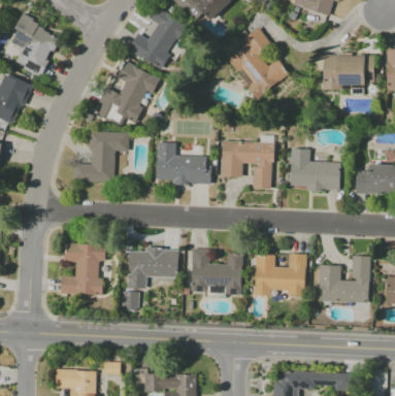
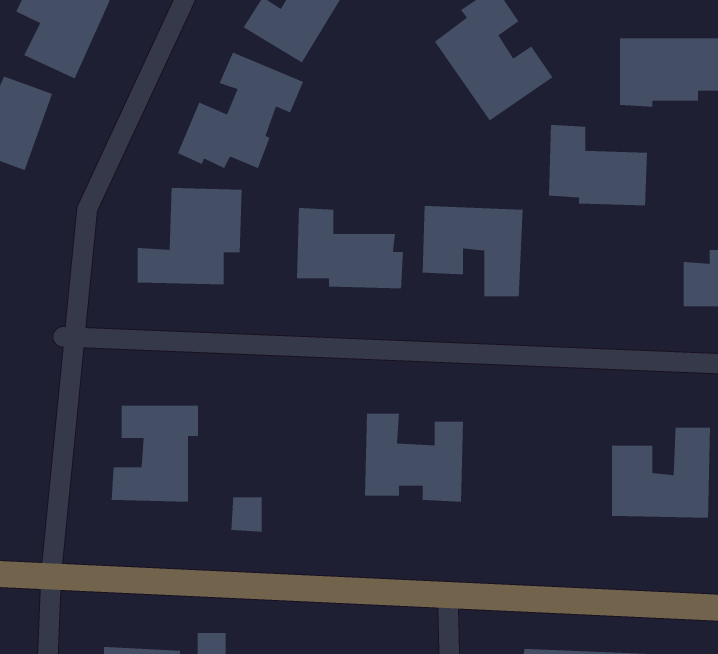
building: [290,148,341,191] -> [548,124,648,206]
building: [128,249,178,289] -> none
building: [255,254,306,296] -> none

